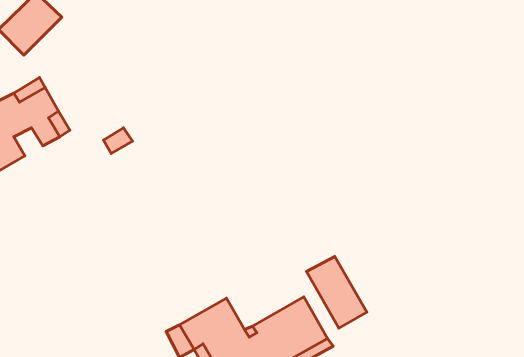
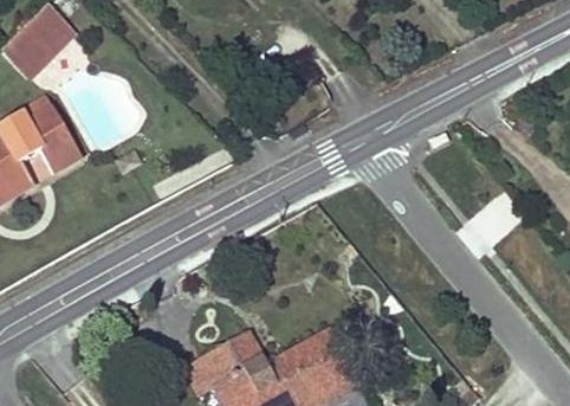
building: [307,257,367,328] -> none

